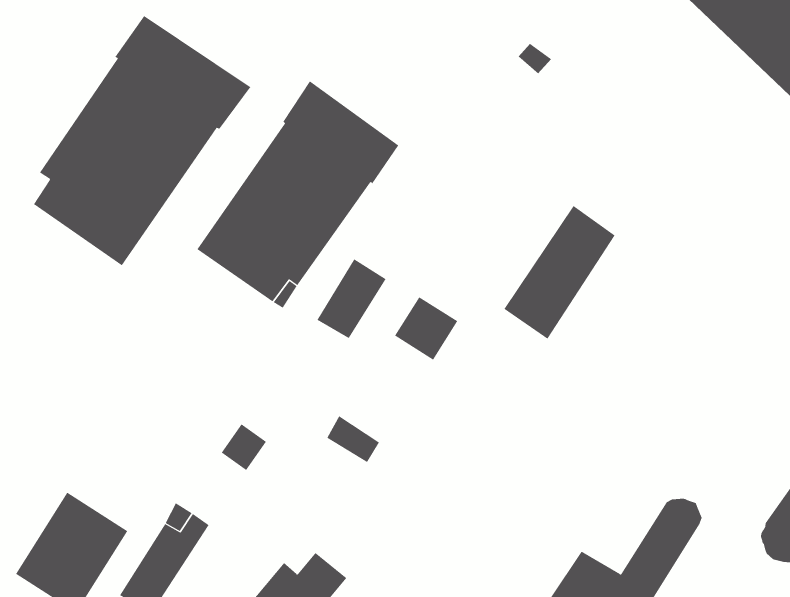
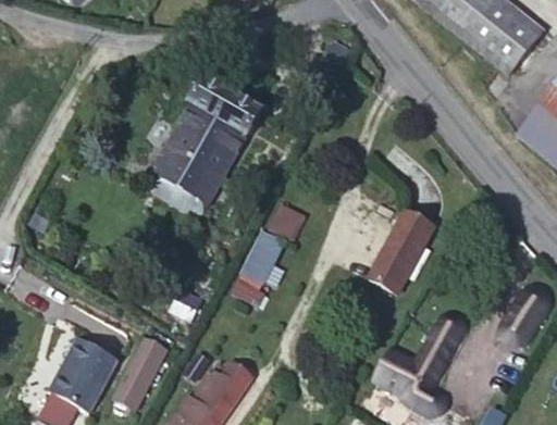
building: [33,15,251,266] -> none
building: [504,205,616,340] -> [369,212,433,295]
building: [317,258,386,339] -> [243,233,283,282]

